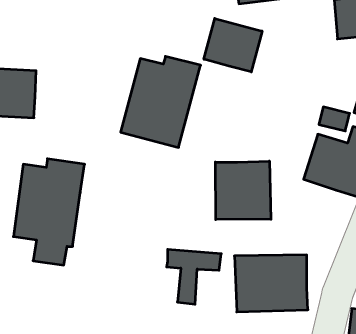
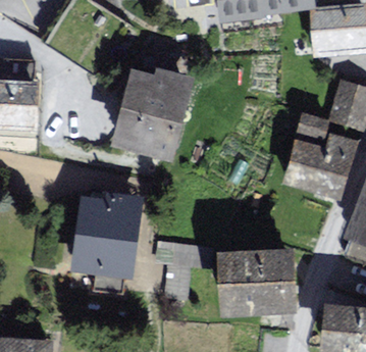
building: [204,18,262,72] -> none
building: [13,159,85,265] -> [74,196,141,295]
building: [215,161,271,220] -> none

